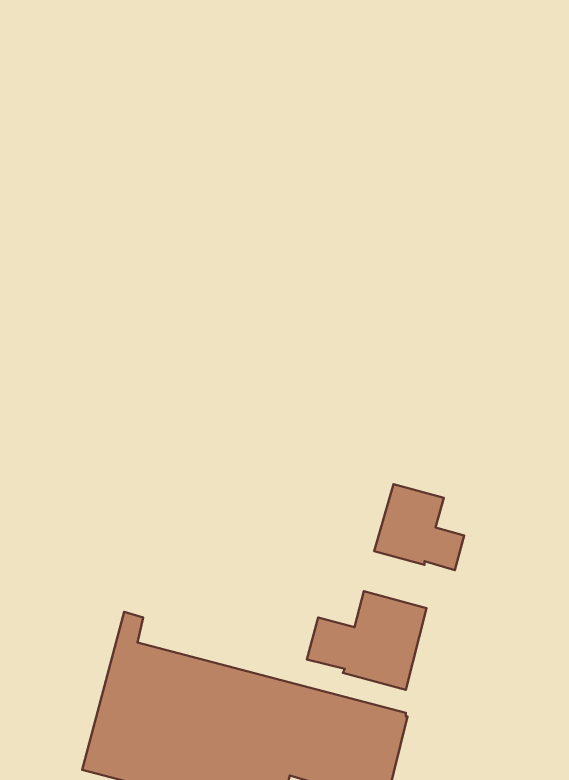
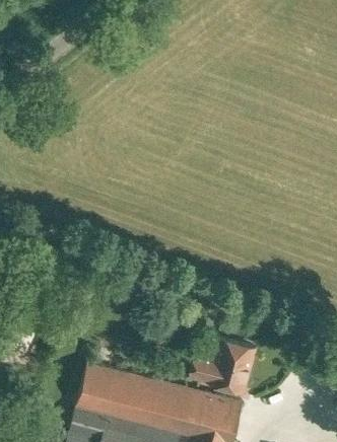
building: [374,484,464,570] -> none

